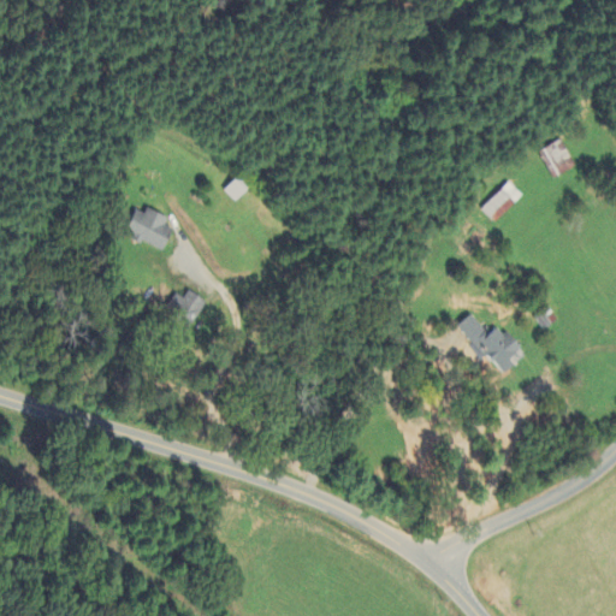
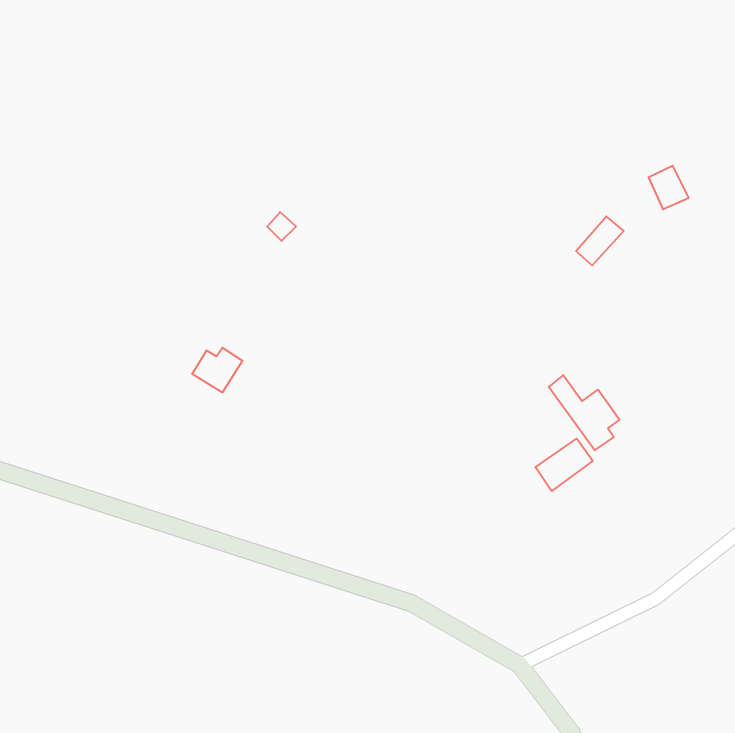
building: [125,208,176,249] -> none
building: none -> [535,439,593,491]

